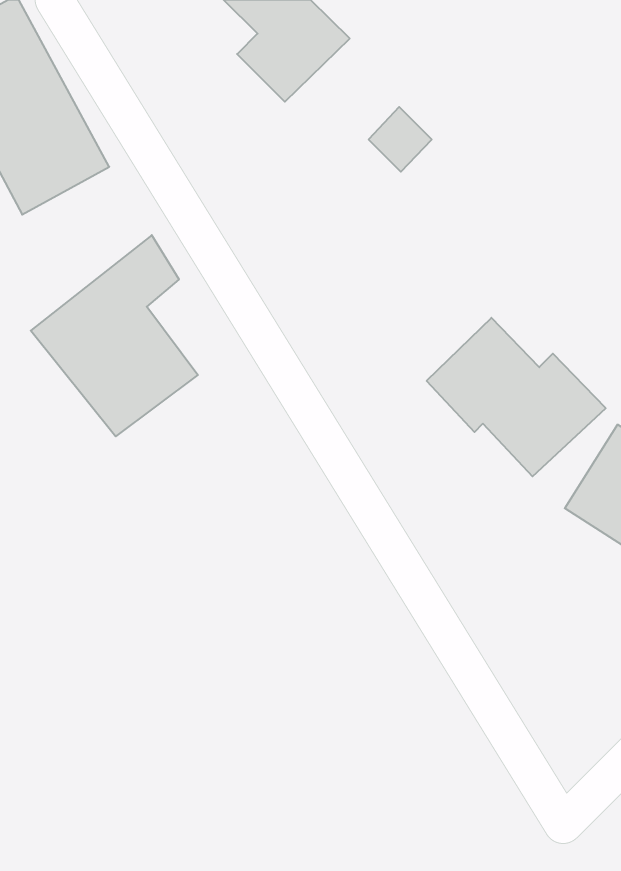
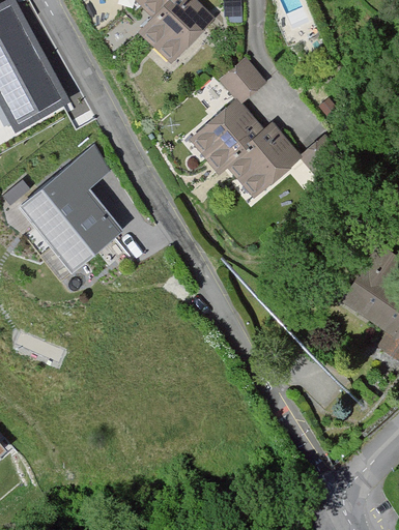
building: [427,318,606,476] -> [193,105,302,201]

